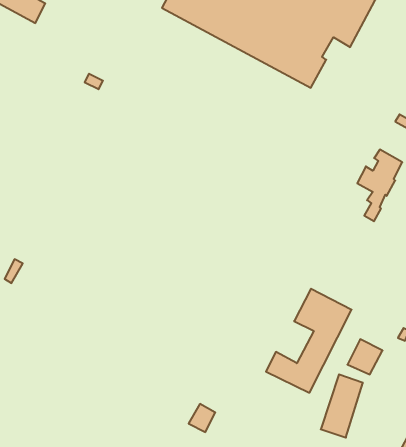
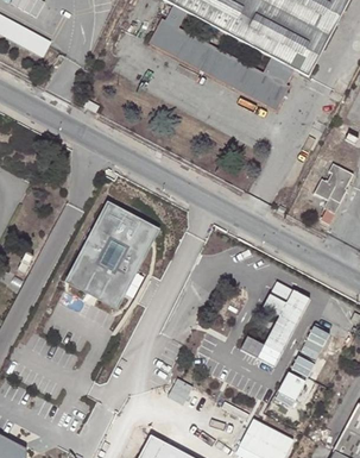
building: none -> [63,205,158,314]

